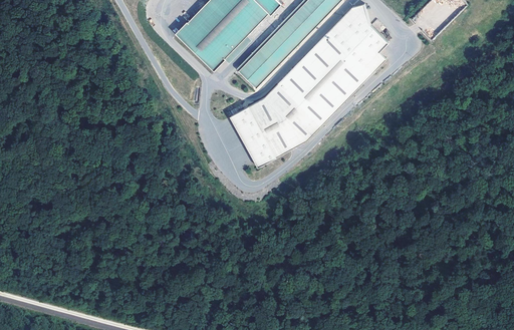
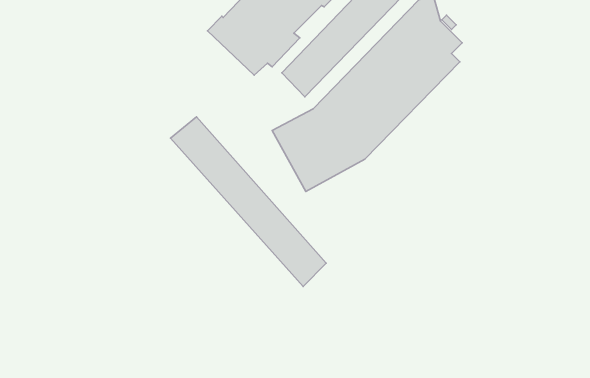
building: none -> [170,117,326,286]

